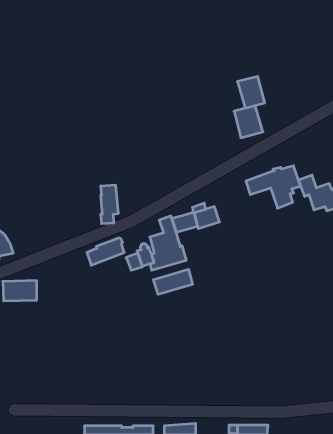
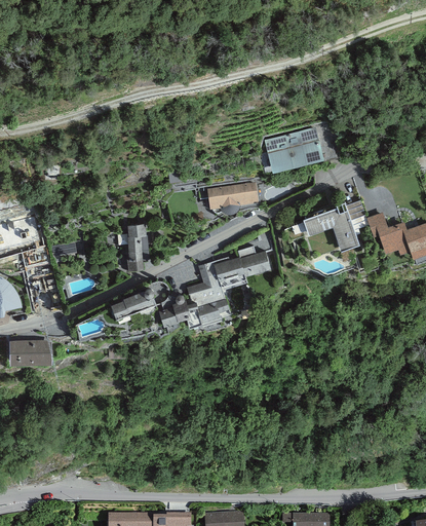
building: [237,77,265,108] -> [264,135,297,173]
building: none -> [207,182,258,214]
building: [153,269,193,294] -> none

